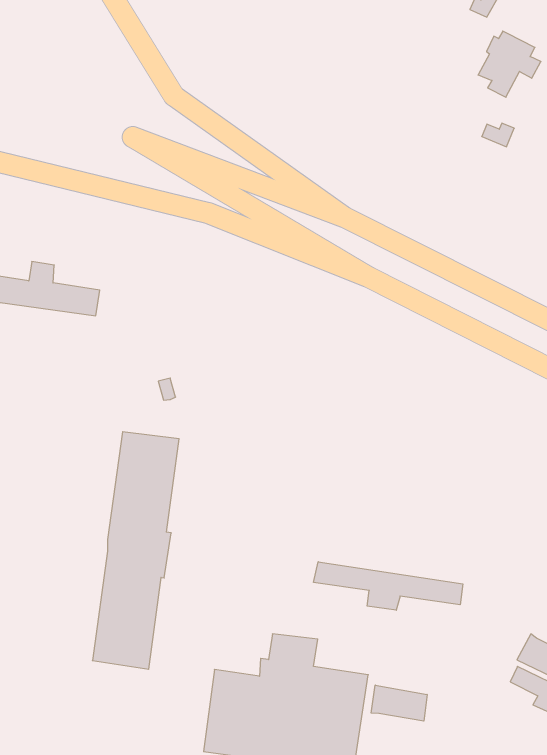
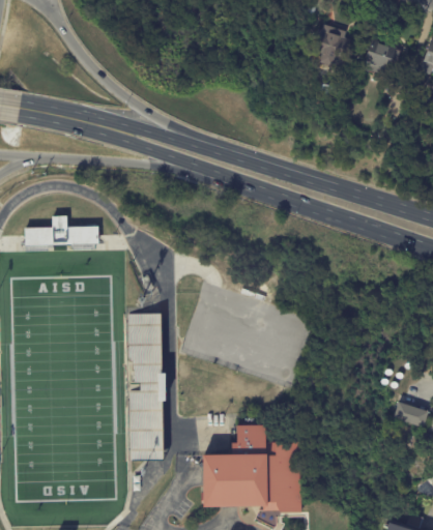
building: [314,562,463,610] -> none
building: [371,685,427,721] -> none

